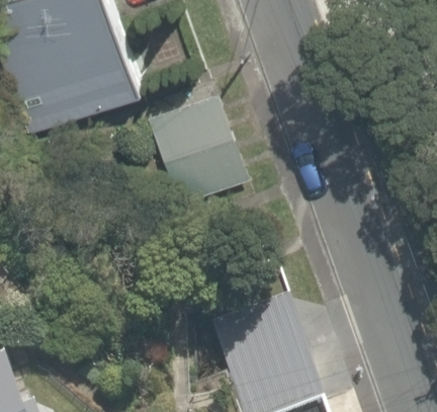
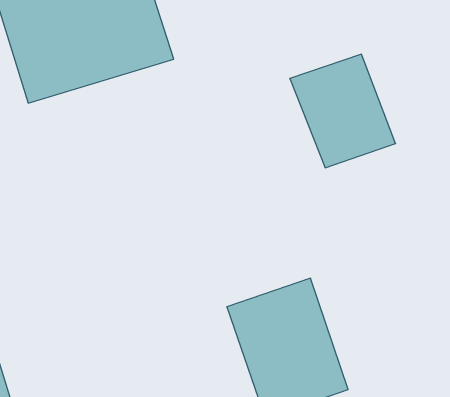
building: [154,93,251,197] -> [290,54,396,168]

